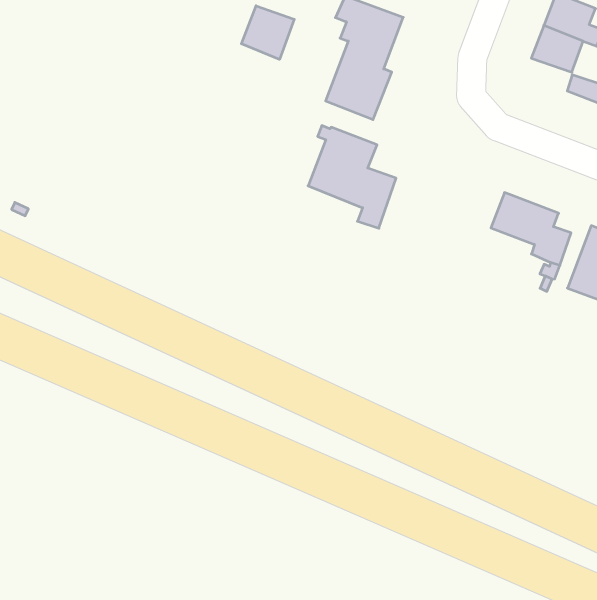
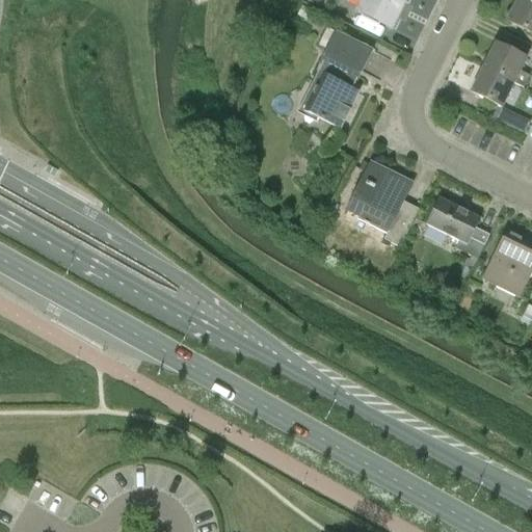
building: [241,6,294,59] -> none
building: [308,126,396,228] -> [348,159,419,245]

